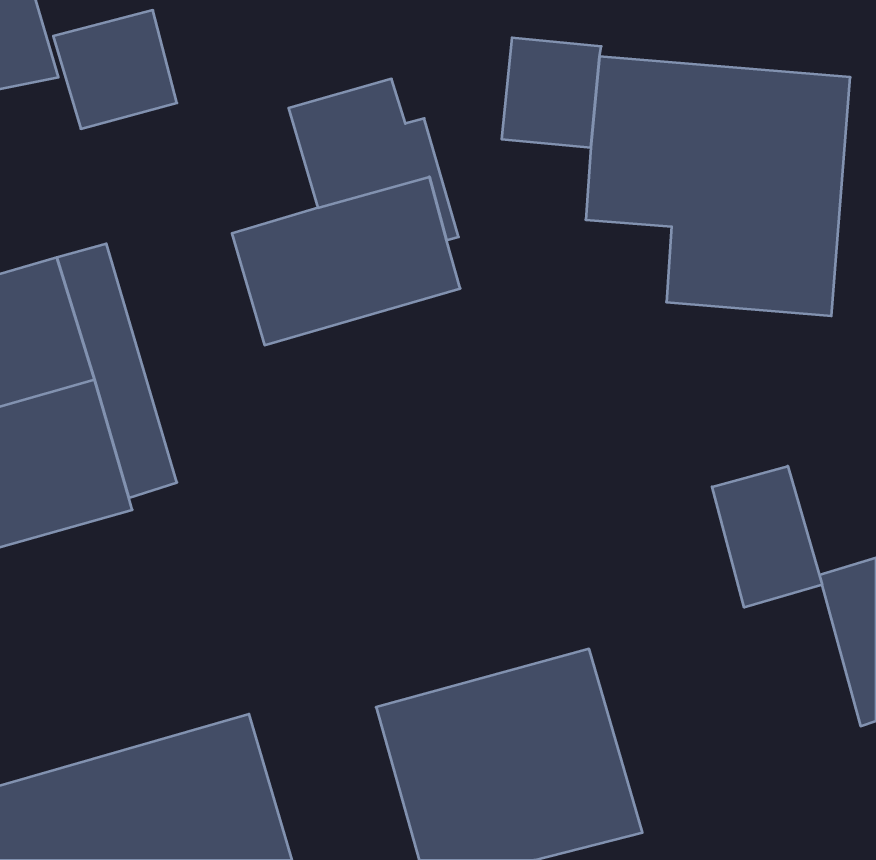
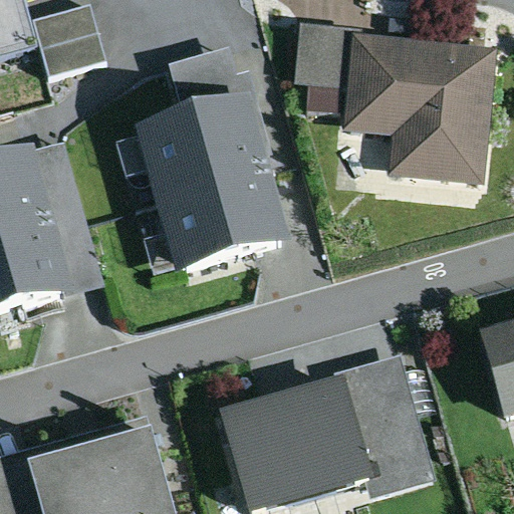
building: none -> [155,169,290,275]
building: [712,466,822,607] -> none
building: none -> [342,354,438,497]

